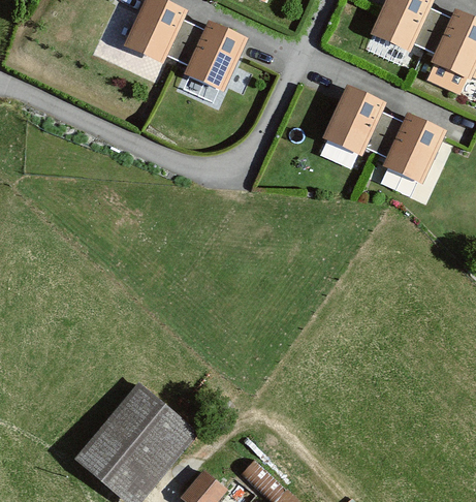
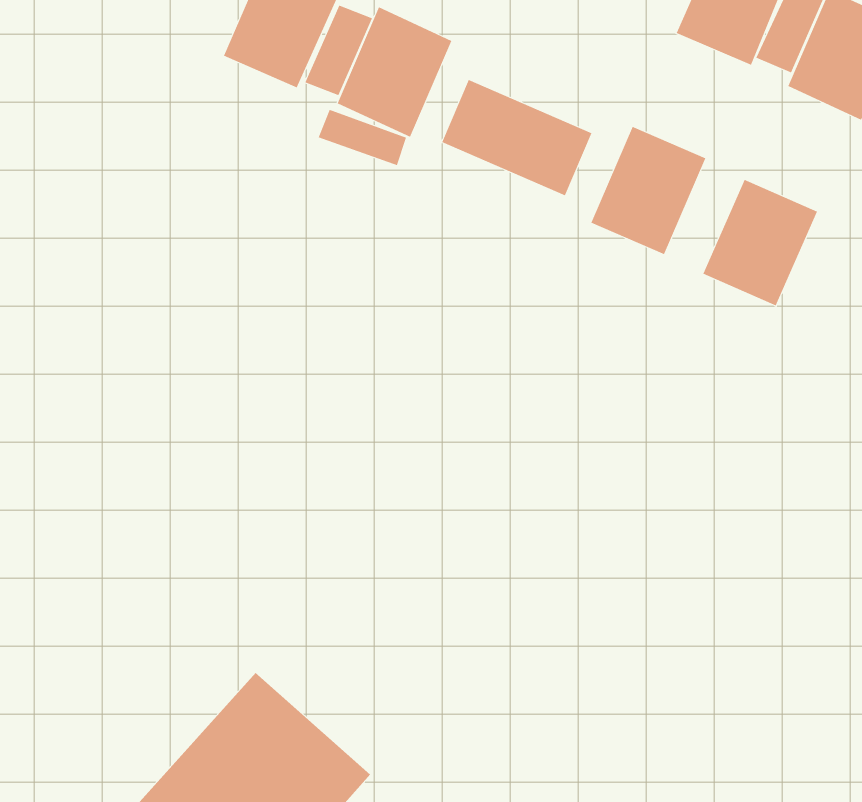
building: none -> [442,79,592,196]
building: [364,108,403,159] -> none

